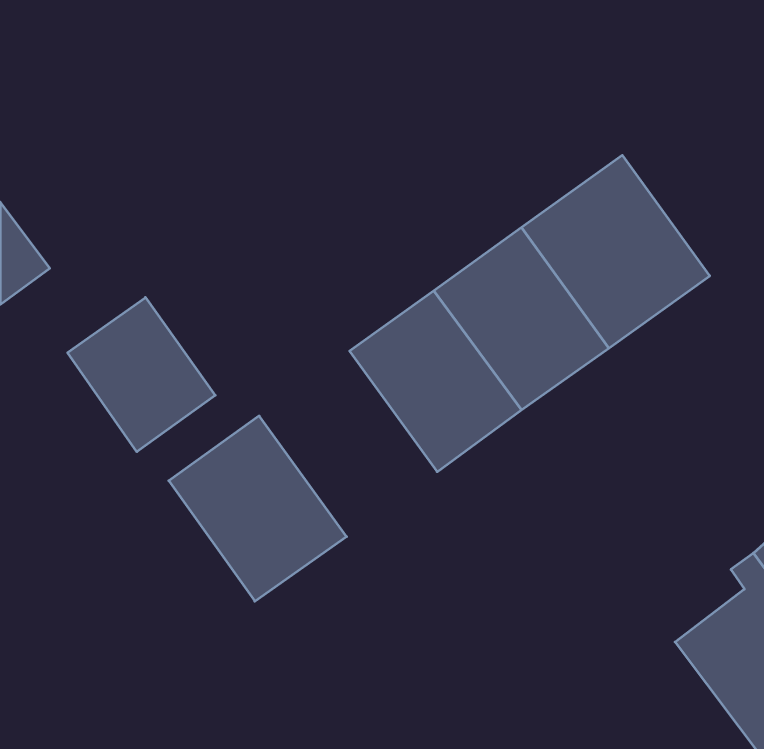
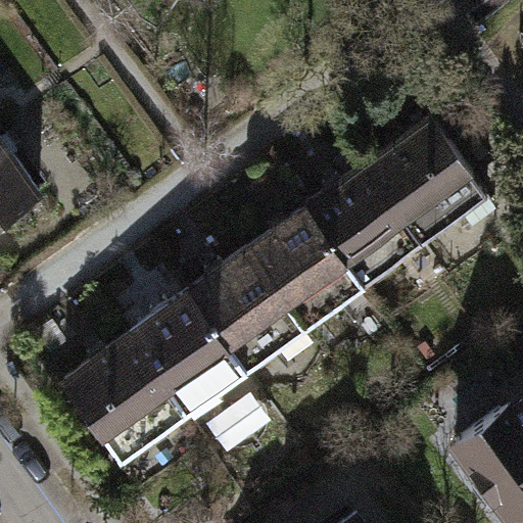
building: [68,297,215,452] -> none
building: none -> [180,252,300,378]
building: none -> [56,340,177,467]

